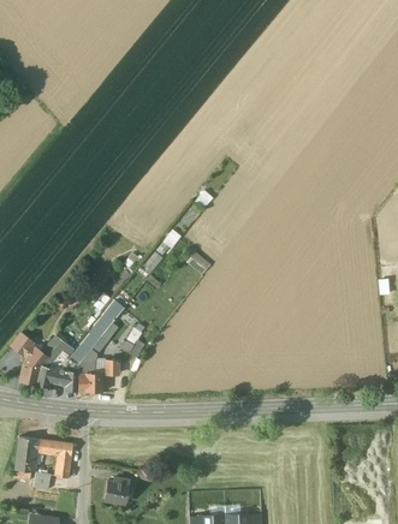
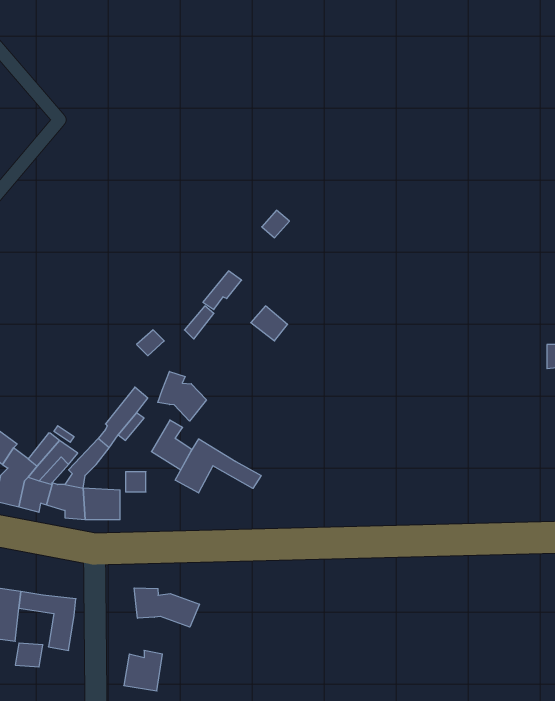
building: none -> [158,371,206,421]
building: none -> [175,439,261,493]
building: none -> [134,588,199,627]

